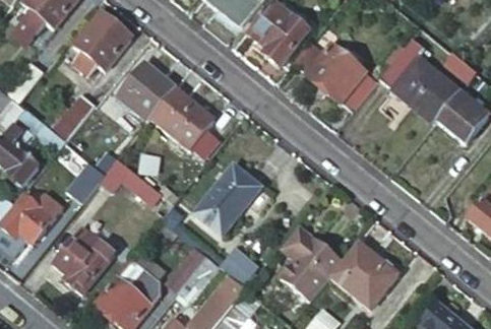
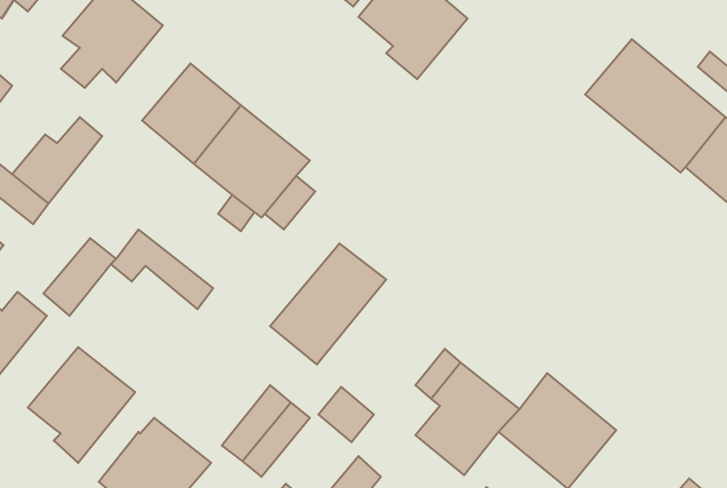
building: [293,40,379,111] -> none

